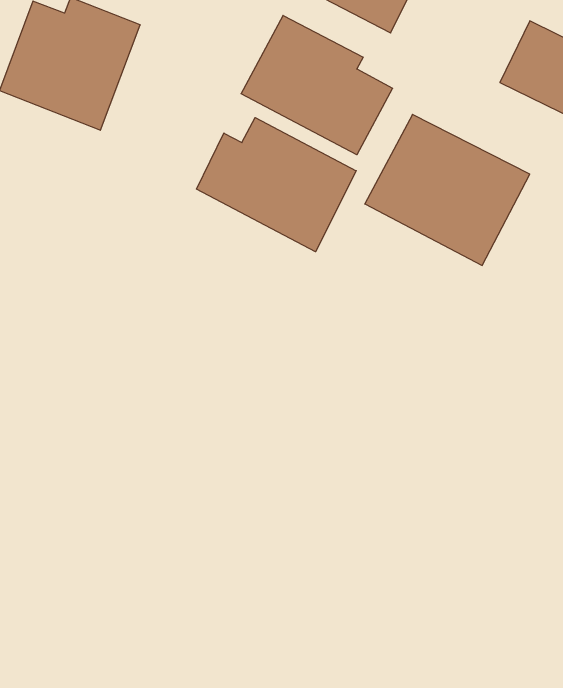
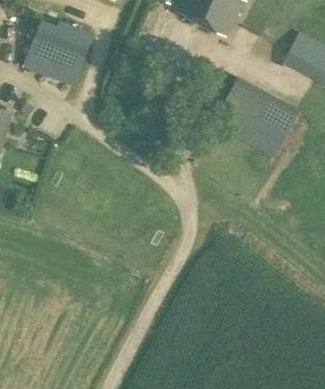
building: [241,15,393,155] -> none
building: [196,118,356,252] -> none

